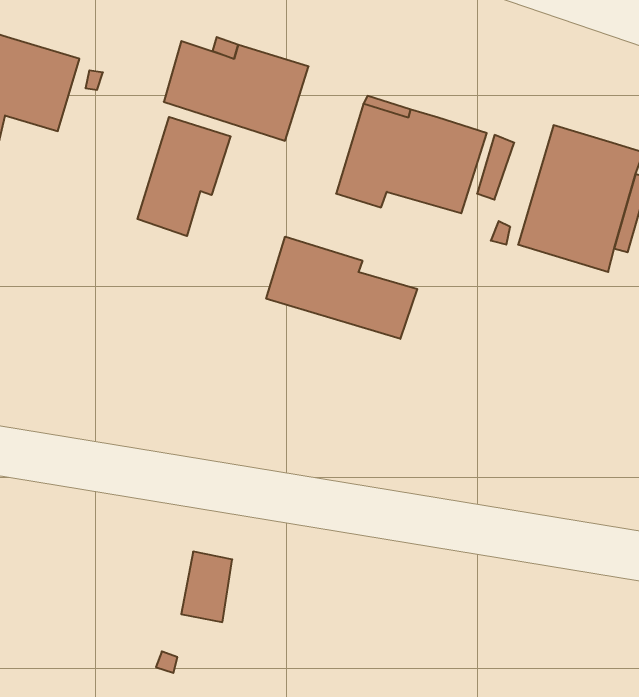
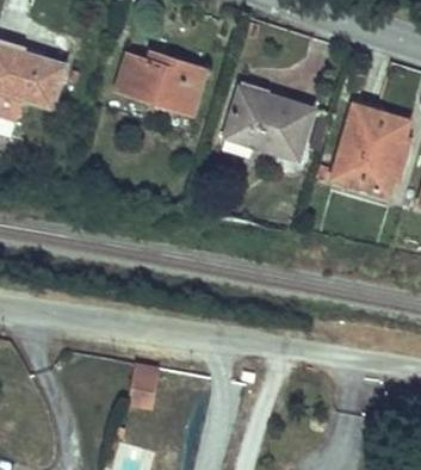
building: [137,117,231,236] -> none
building: [266,237,417,339] -> none

